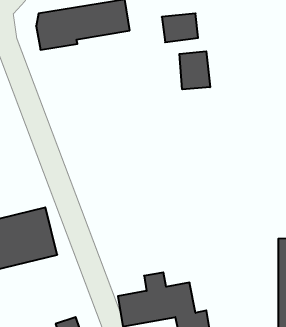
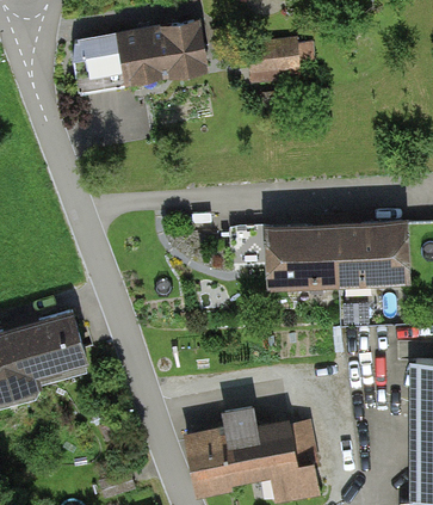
building: [179,51,210,89] -> none
building: none -> [273,224,414,292]

